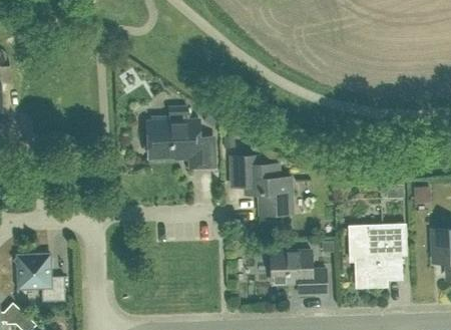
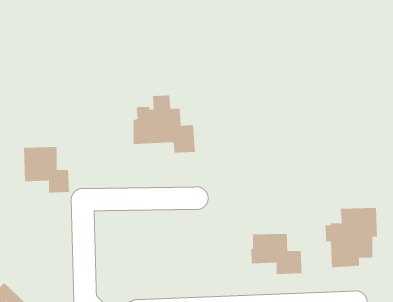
building: [231,155,292,213] -> none
building: [16,253,65,302] -> [23,146,70,193]

